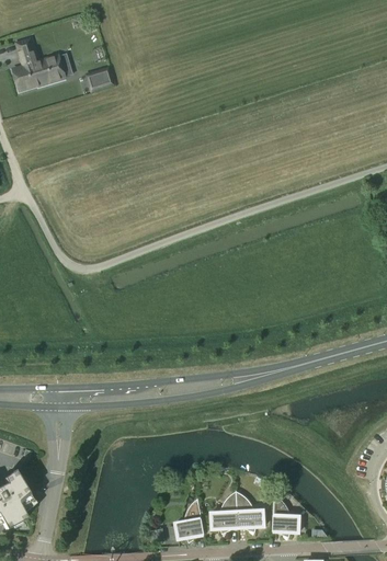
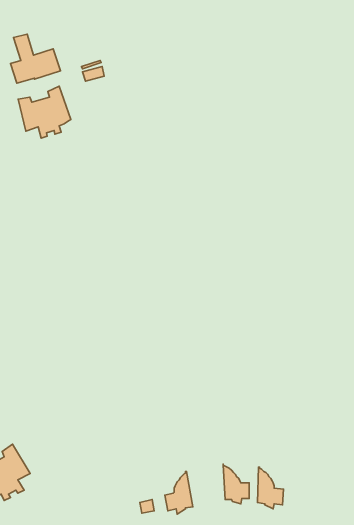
building: none -> [18,86,71,138]
building: [212,490,239,534] -> none

